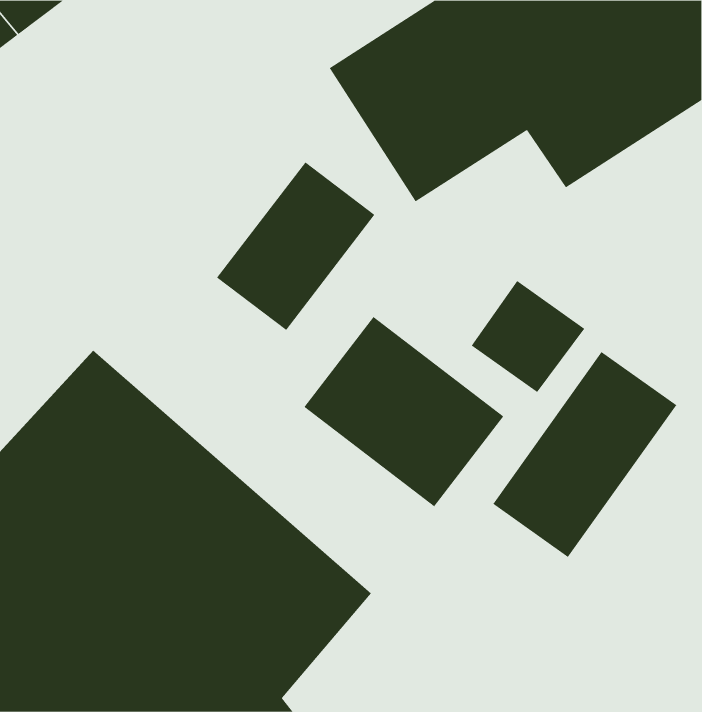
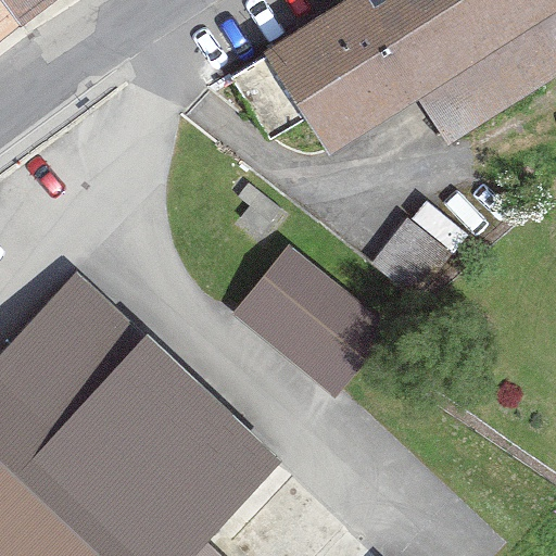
building: [216,161,375,331] -> none
building: [492,351,677,558] -> none

